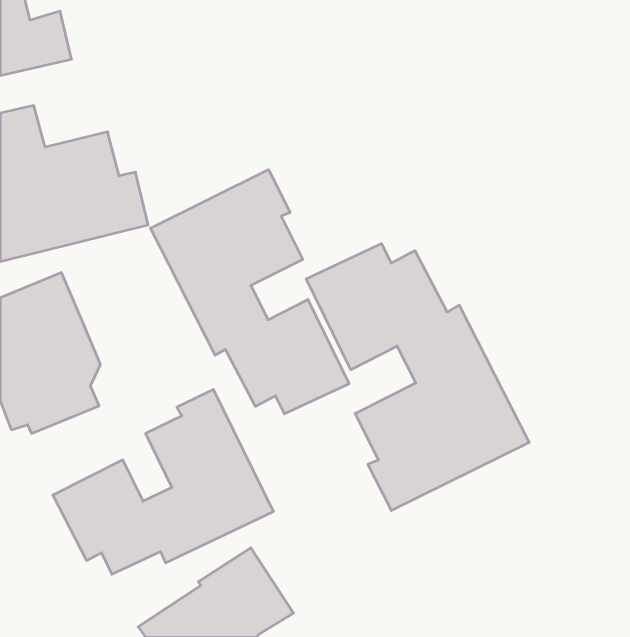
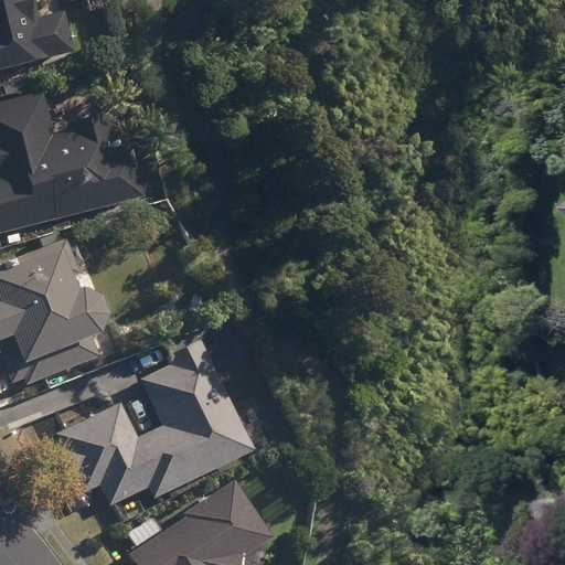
building: [150,170,349,414] -> none
building: [306,244,529,511] -> none

